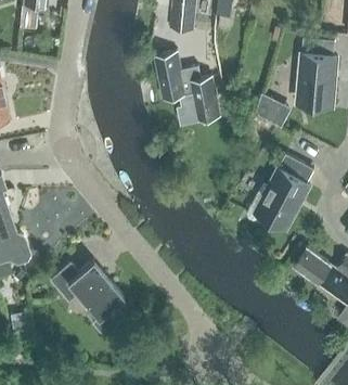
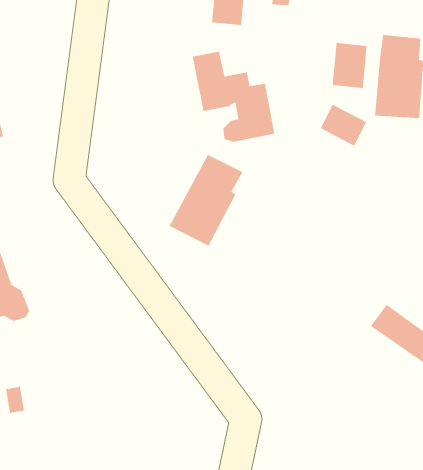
building: none -> [332,42,367,89]
building: [254,155,312,228] -> [168,154,244,247]
building: [48,260,125,336] -> none

